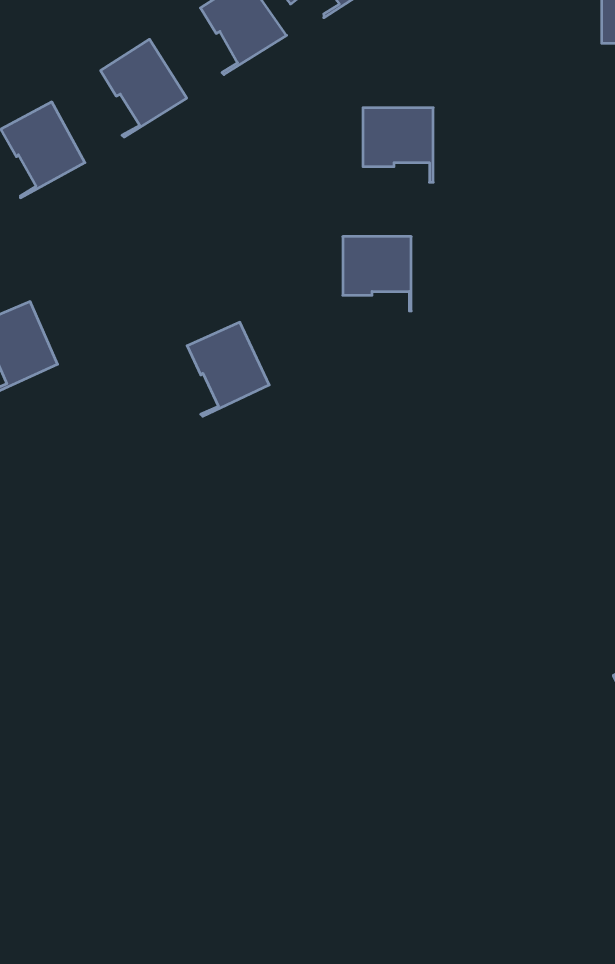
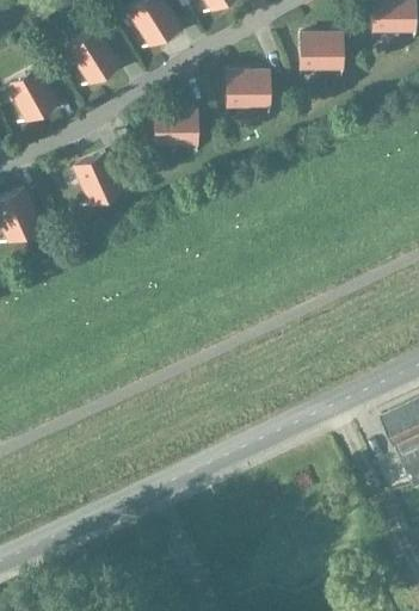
building: none -> [300,35,343,79]
building: [343,237,411,311] -> [155,110,197,155]
building: [187,322,269,416] -> [73,153,123,210]

